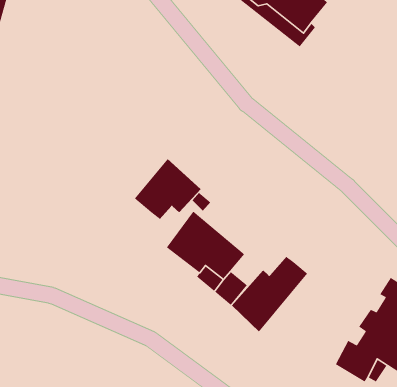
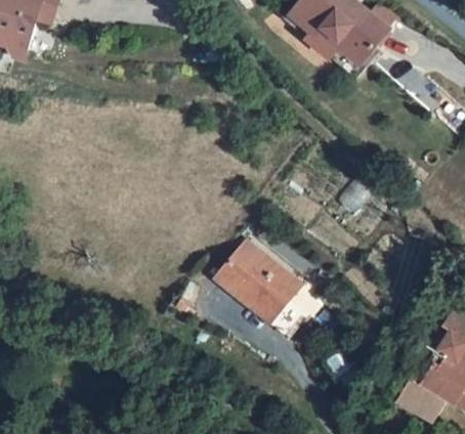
building: [134,158,201,220] -> none
building: [231,256,308,333] -> none

